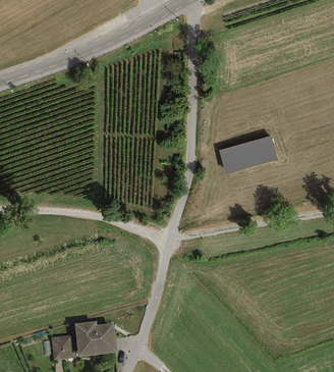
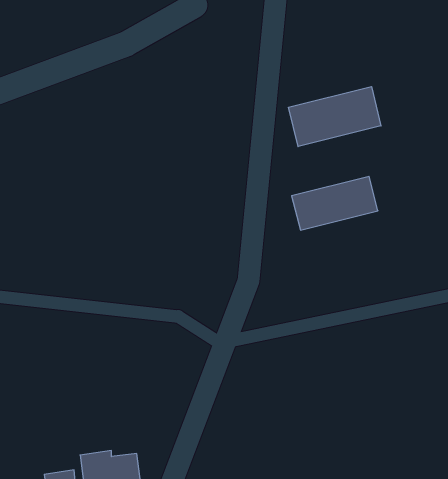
building: none -> [289,87,381,147]

